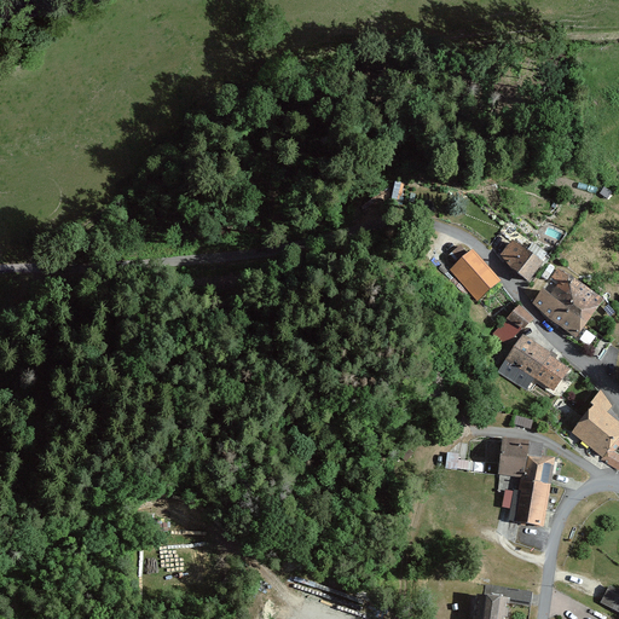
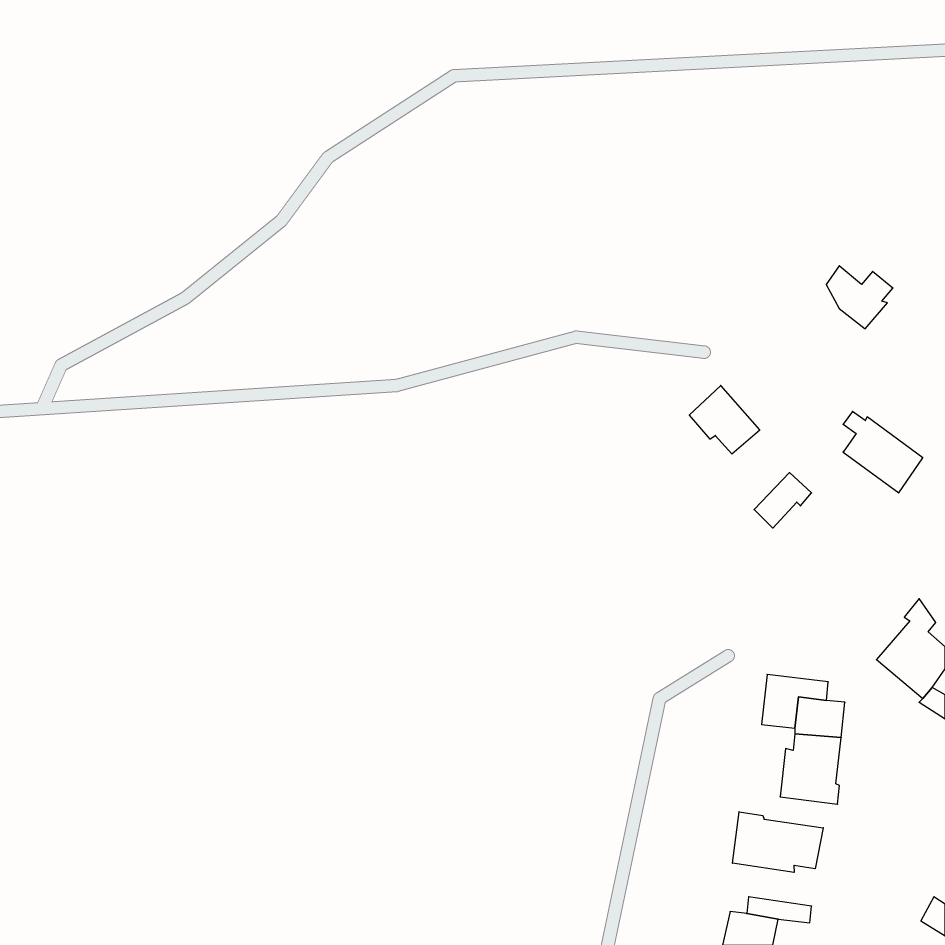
building: [502,239,545,280] -> [826,266,893,329]
building: [534,289,586,335] -> none
building: [498,335,567,391] -> none
building: none -> [733,812,823,872]

